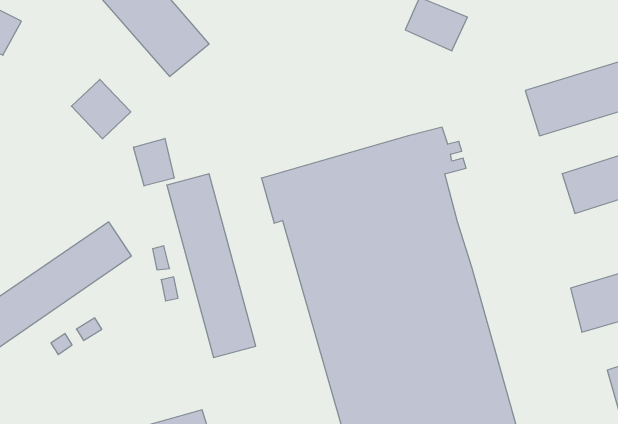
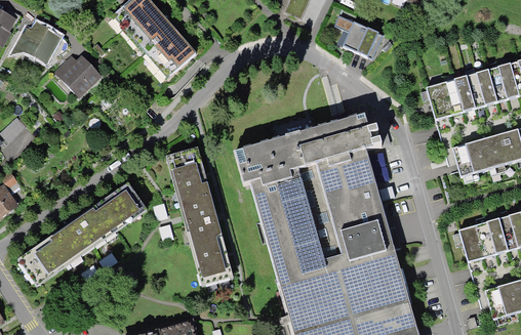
building: [71,79,131,139] -> [56,52,99,95]
building: [134,138,174,186] -> none

